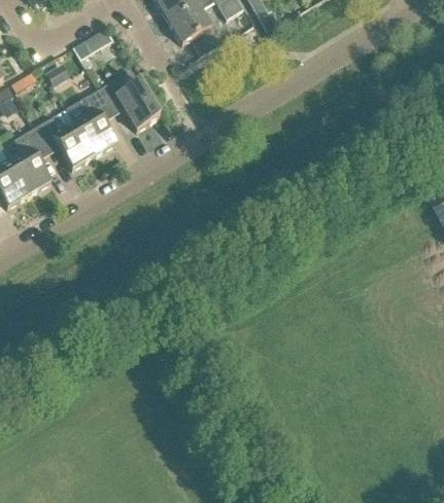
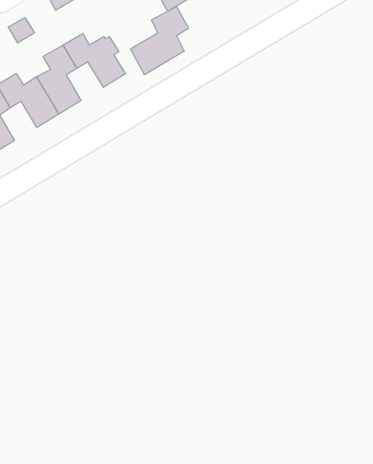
building: none -> [131,6,189,75]

